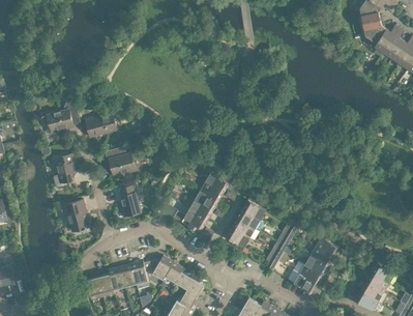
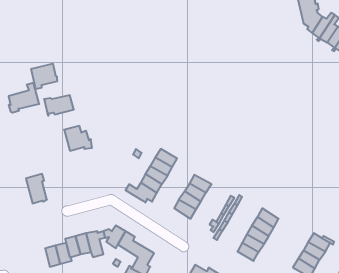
building: none -> [31,64,57,89]
building: [54,153,77,188] -> none
building: [120,185,141,218] -> none

